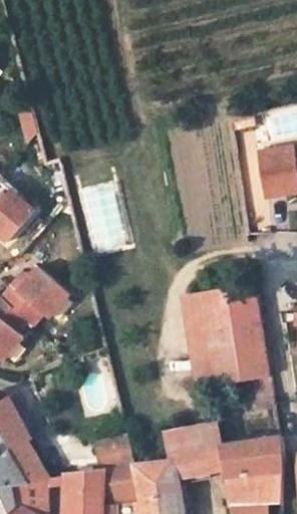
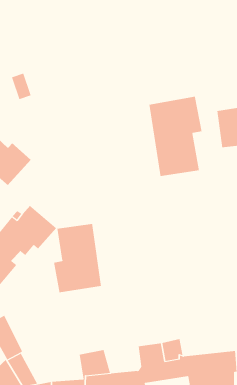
building: none -> [149,96,202,177]
building: [187,279,269,406] -> none
building: none -> [53,223,101,293]

